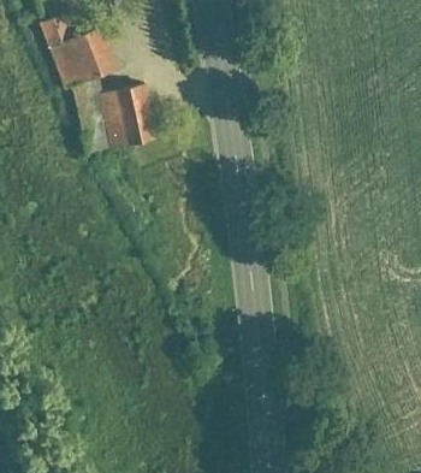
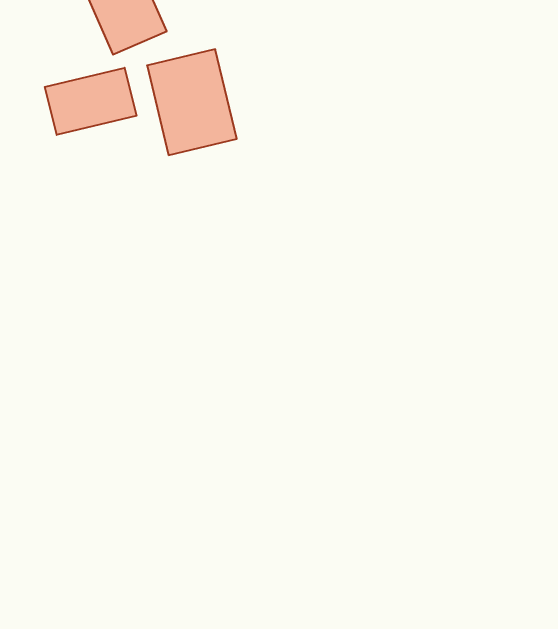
building: none -> [45,68,137,135]

